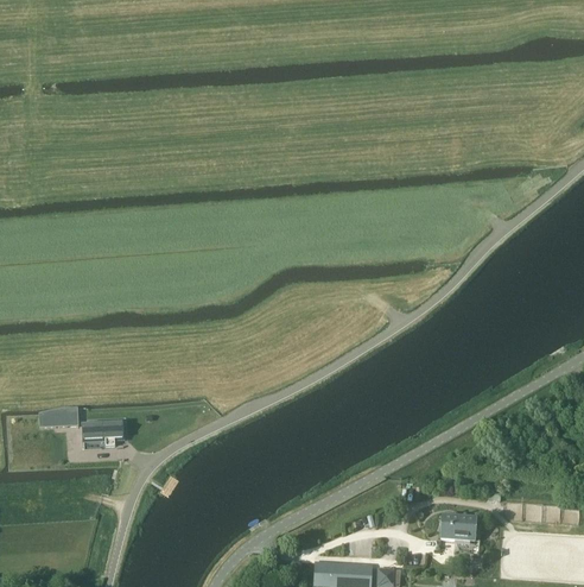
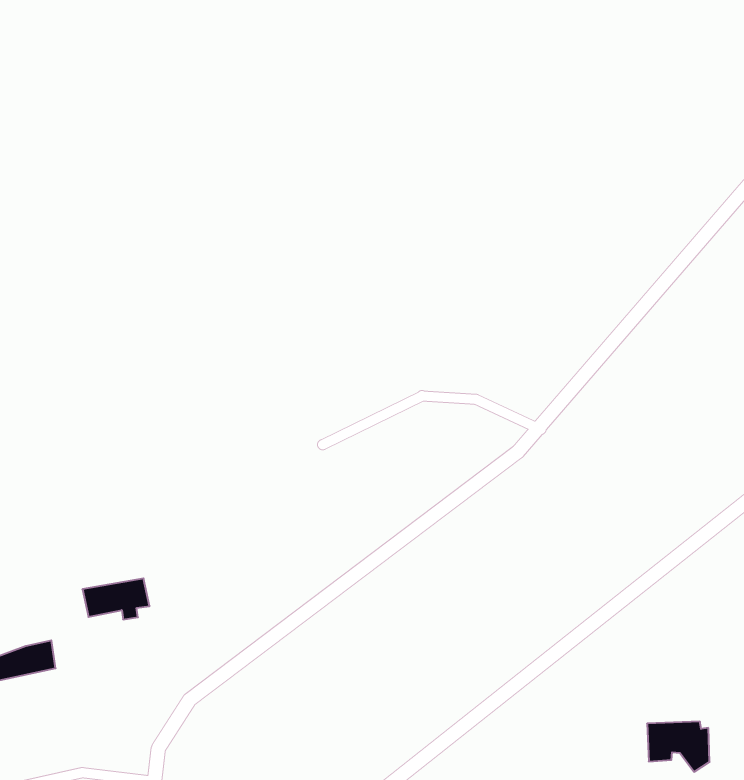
building: [82,421,122,444] -> [82,578,150,619]

